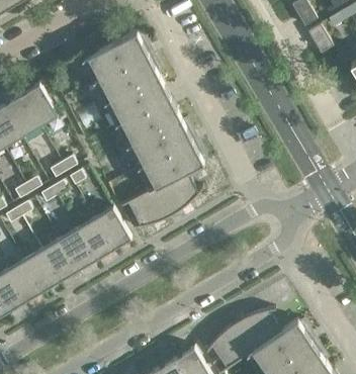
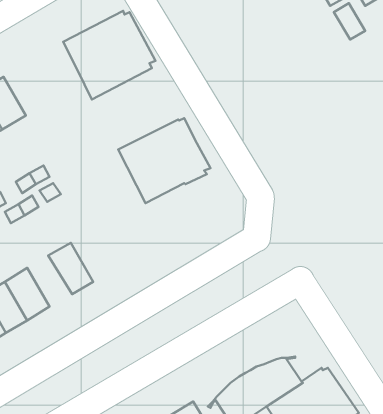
building: [109,78,179,144] -> none
building: [118,171,200,228] -> none
building: [92,208,129,251] -> none
building: [57,229,93,271] -> none

